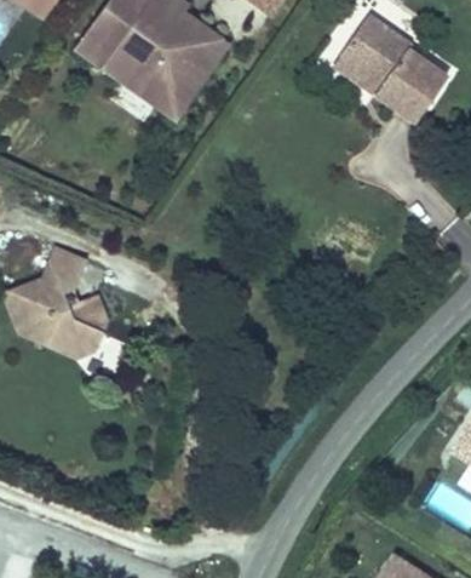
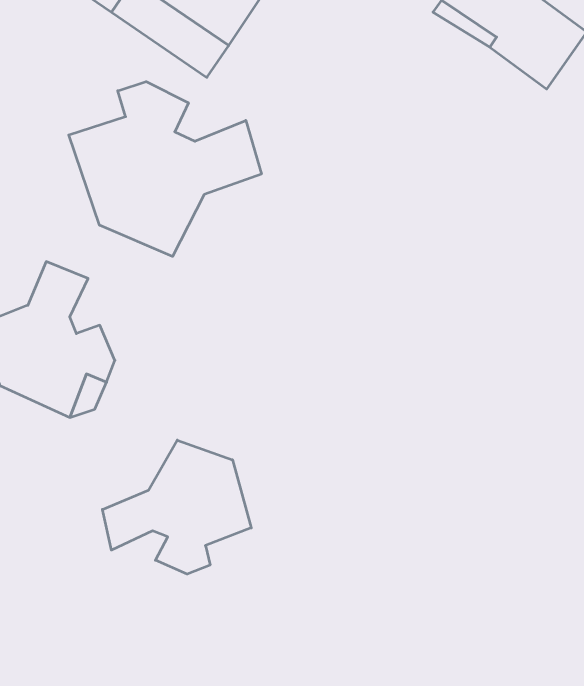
building: none -> [69,82,261,256]
building: none -> [102,440,251,574]

